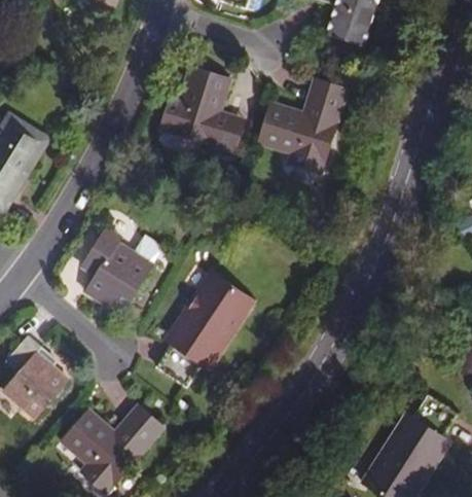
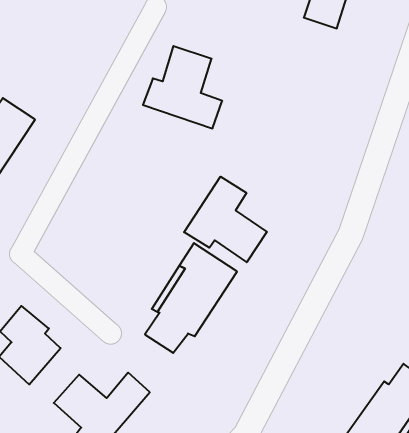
building: [257,78,347,172] -> none
building: none -> [184,177,267,262]
building: [86,234,149,312] -> none

